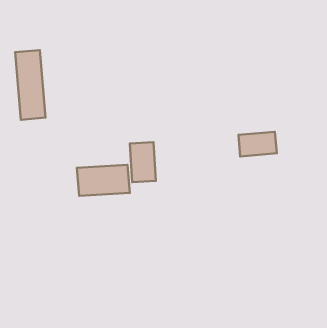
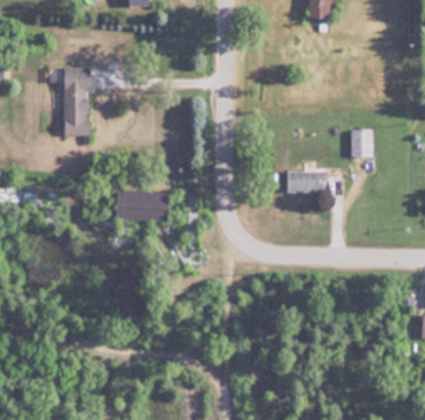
building: none -> [350,129,372,157]
building: [130,142,156,182] -> none

